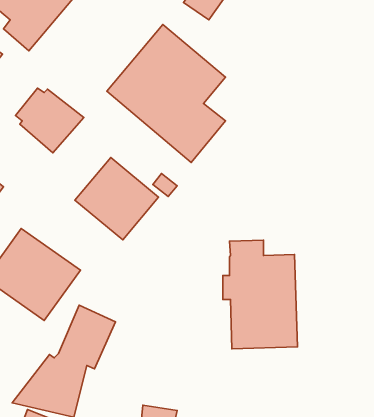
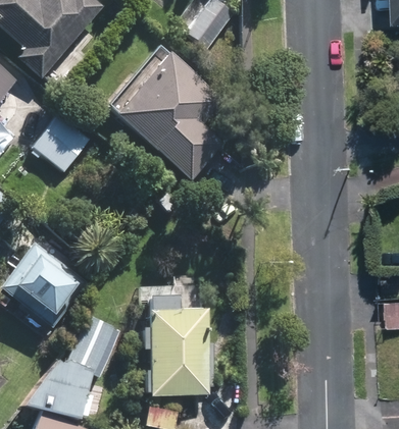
building: [75,158,159,240] -> none
building: [223,240,298,349] -> [142,294,211,395]

